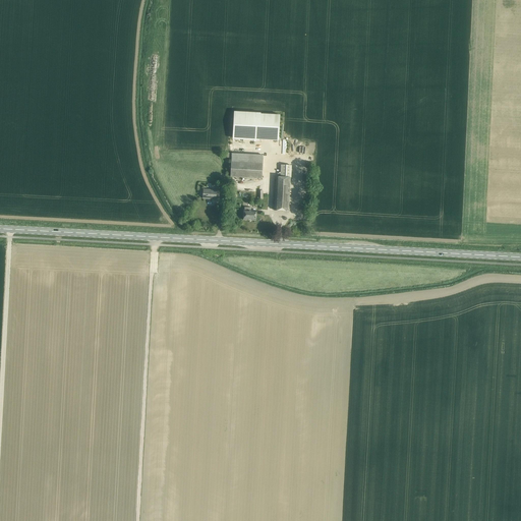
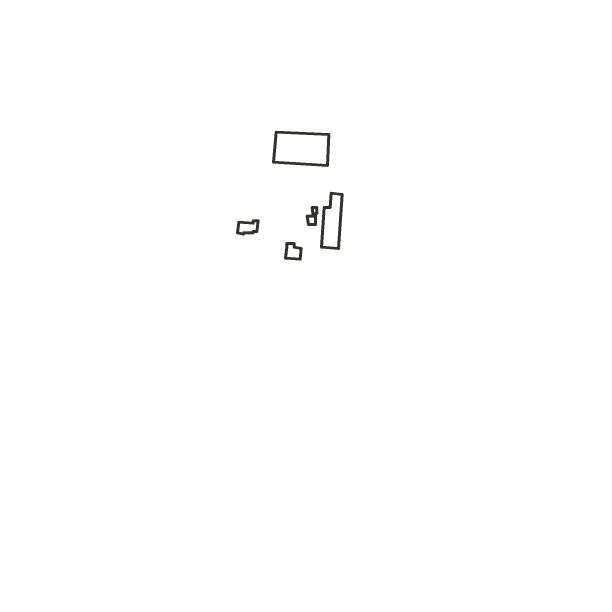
building: [230,153,262,178] -> none

